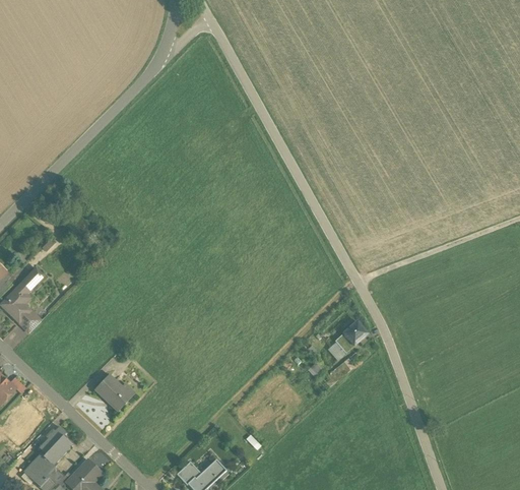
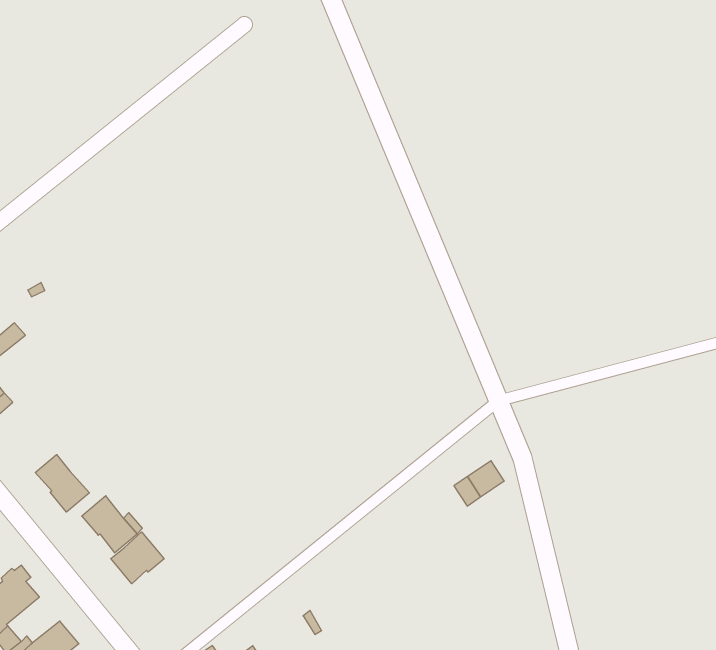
building: none -> [35,455,89,512]
building: none -> [111,532,164,584]

